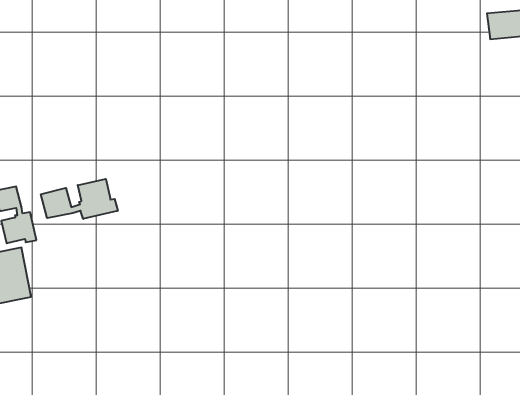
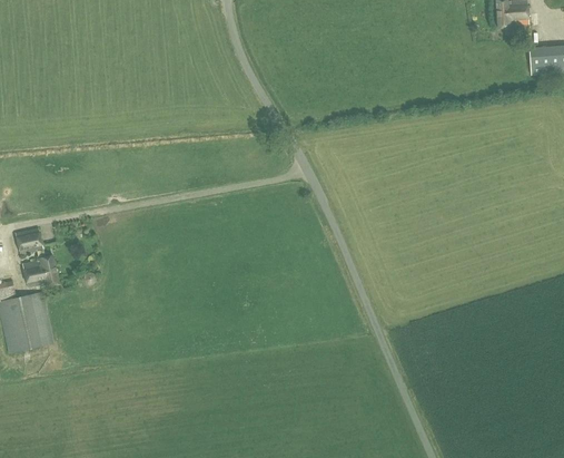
building: [41,179,118,219] -> none

